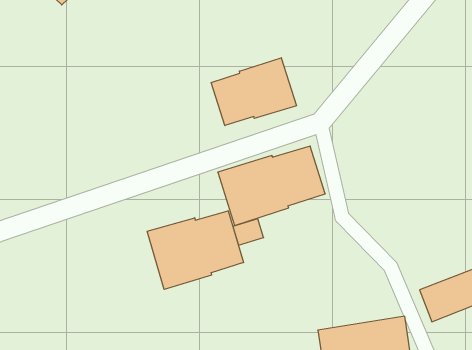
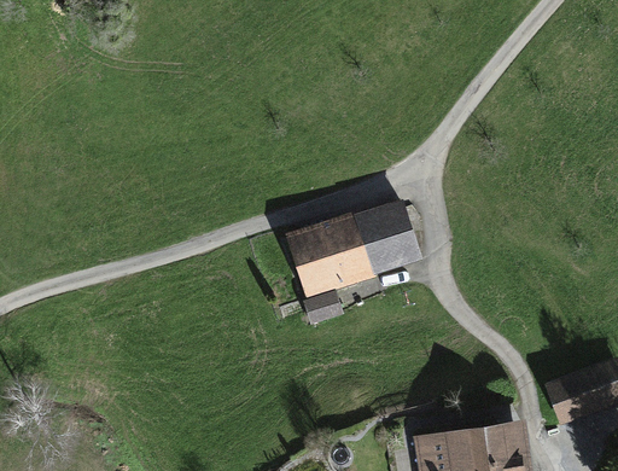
building: [211,58,296,126] -> none
building: [147,211,244,289] -> none

